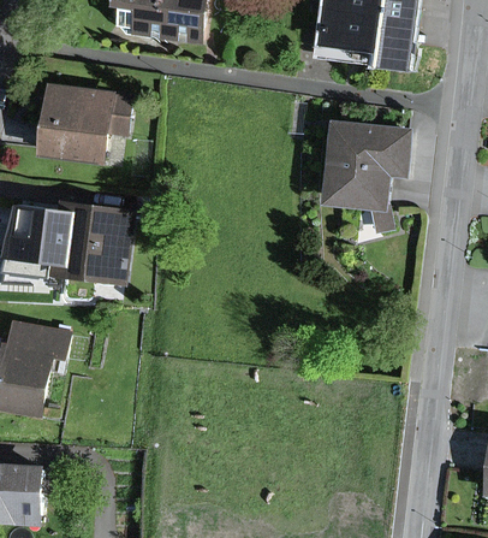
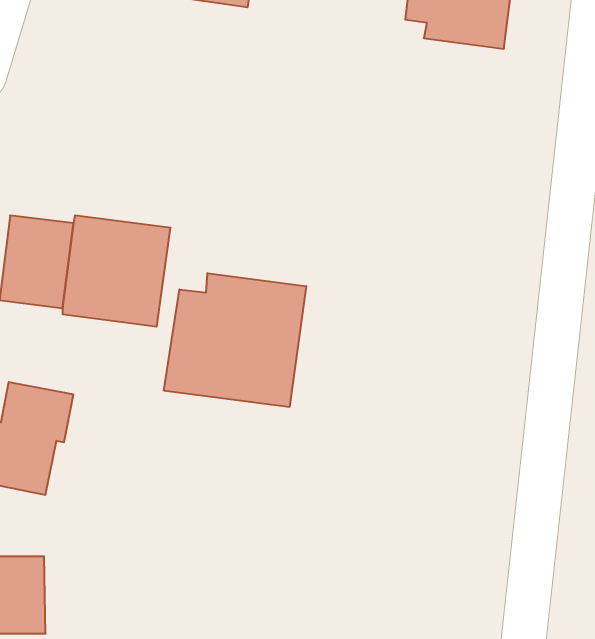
building: [42,90,108,156] -> none
building: [325,123,405,229] -> none
building: none -> [164,273,306,407]

